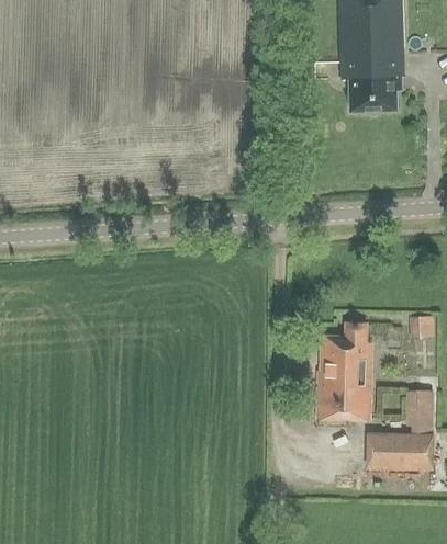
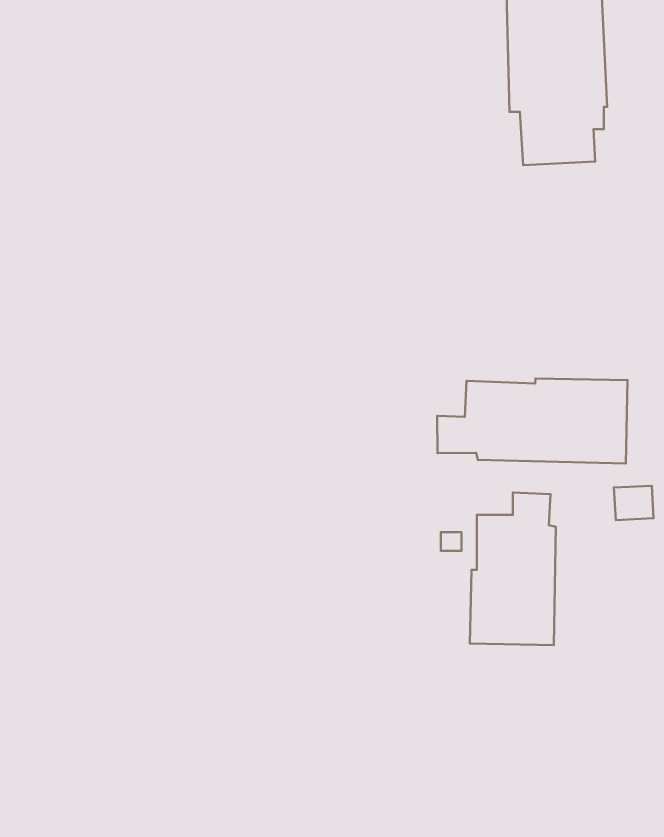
building: none -> [437,378,628,464]
building: [366,392,433,469] -> none

